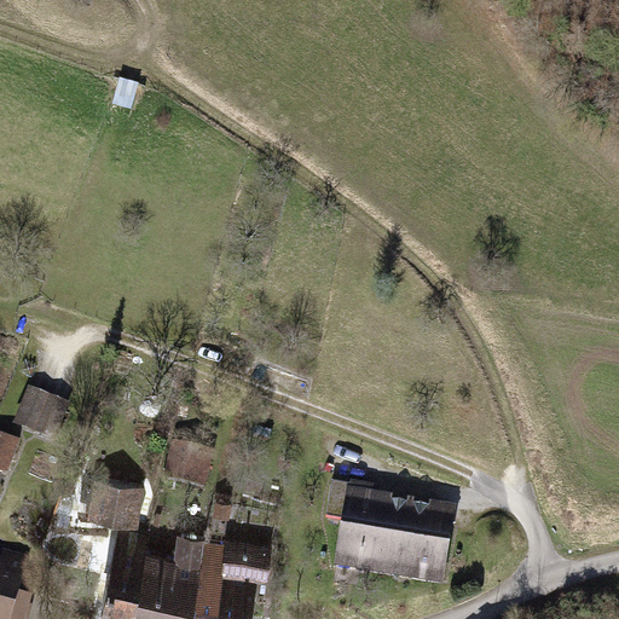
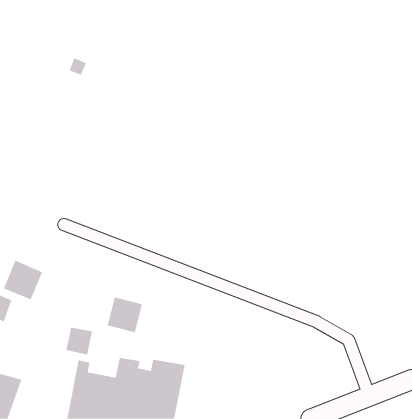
building: [335,486,455,584] -> none

